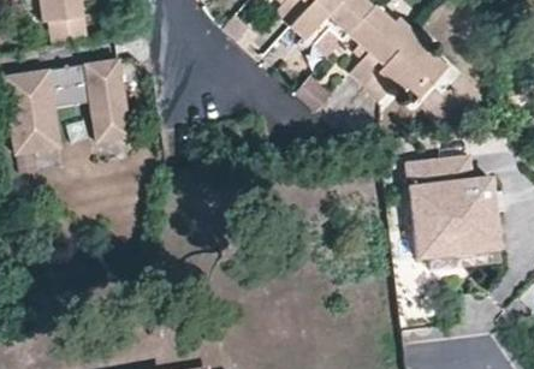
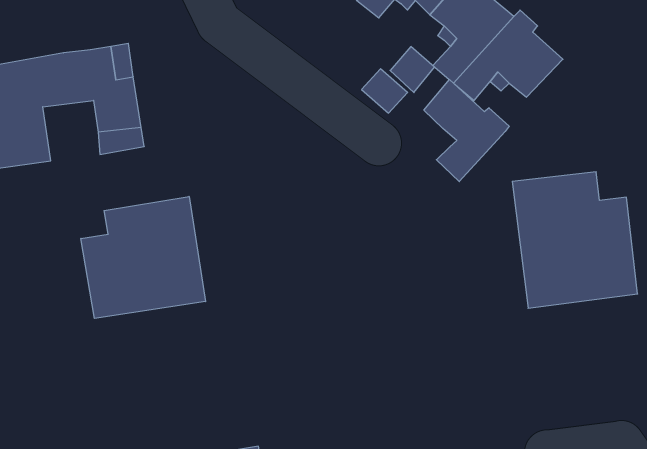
building: none -> [424,80,509,182]
building: none -> [81,196,206,318]

